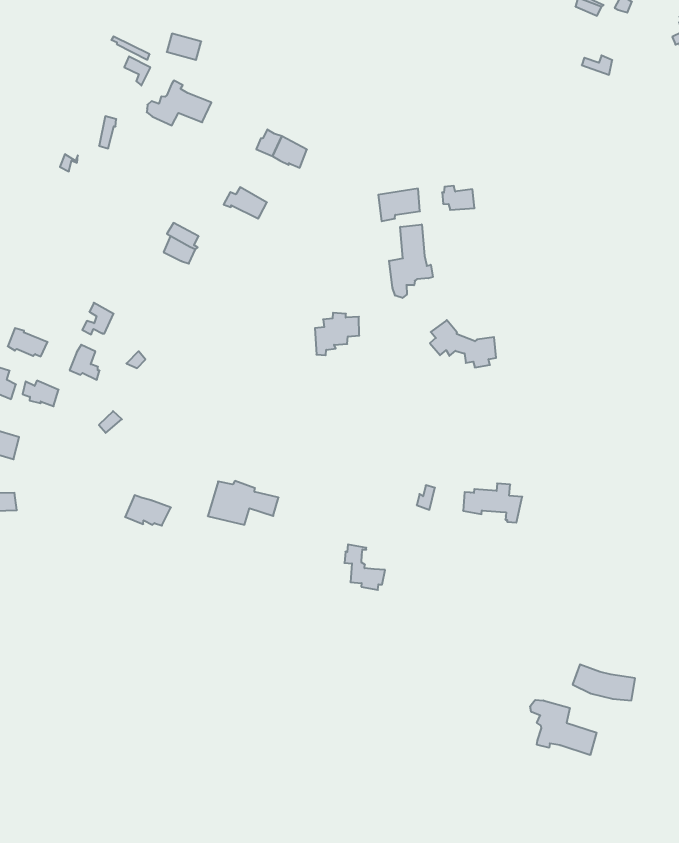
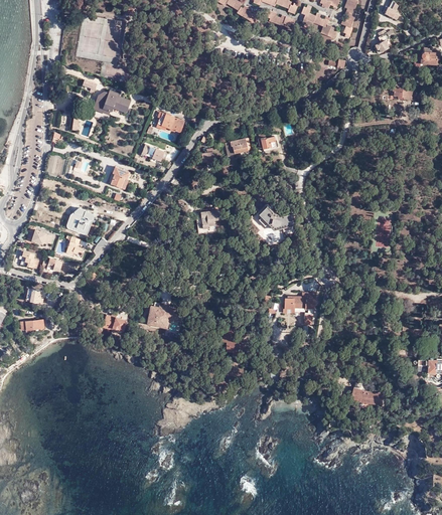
building: [389,224,433,298] -> none
building: [530,700,597,755] -> none

